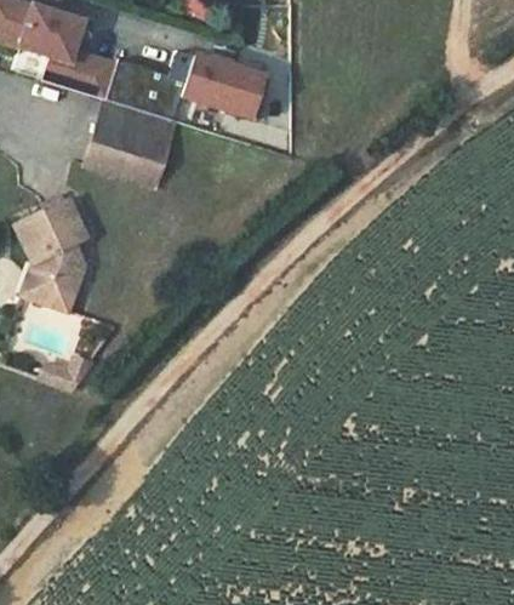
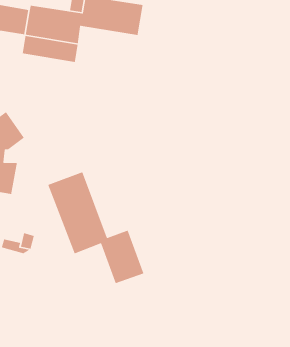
building: [87,122,170,183] -> none
building: none -> [47,171,145,284]

